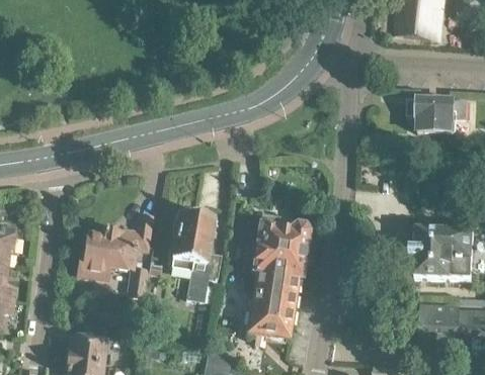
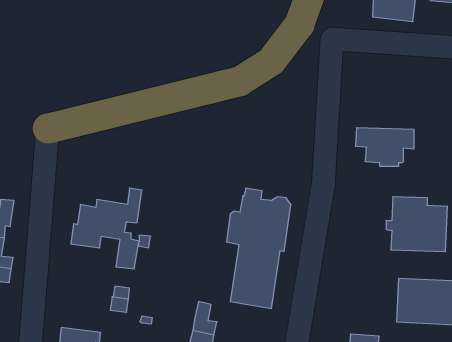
building: [406,96,468,136] -> [355,128,414,166]
building: [171,209,222,300] -> none
building: [68,333,110,364] -> none

